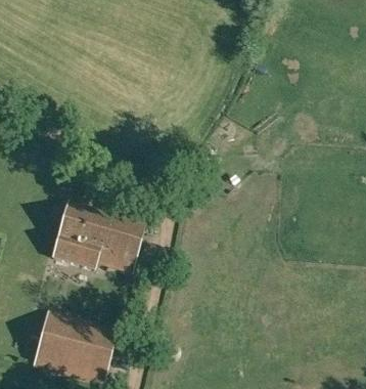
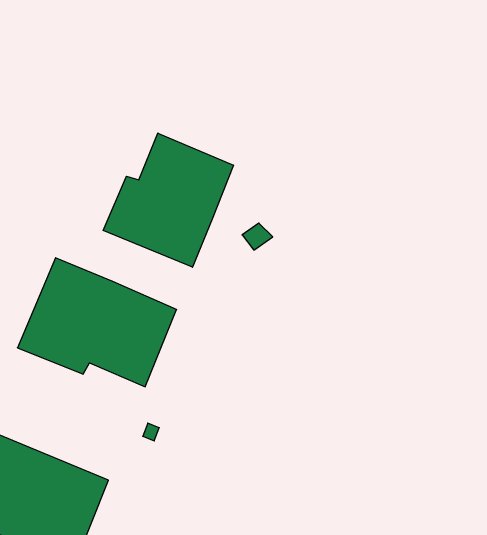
building: none -> [103,133,233,267]

